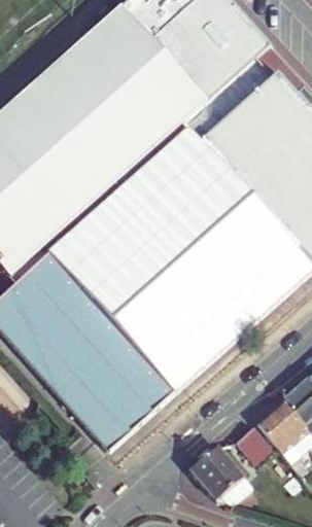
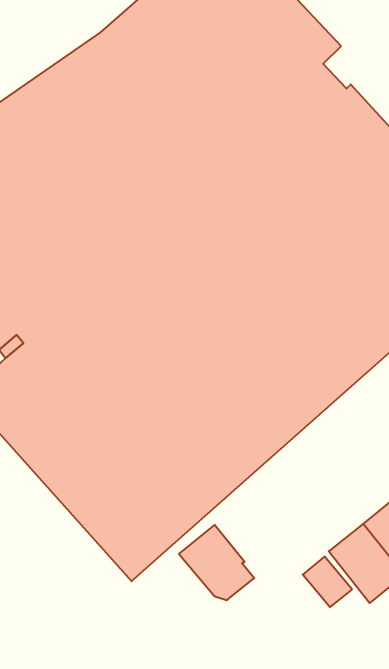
building: [192,448,248,504] -> [179,525,254,600]

